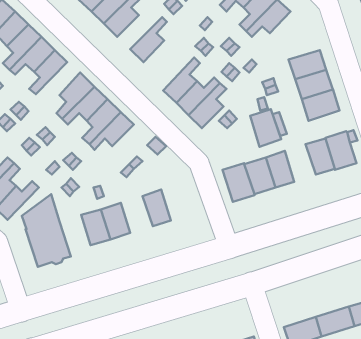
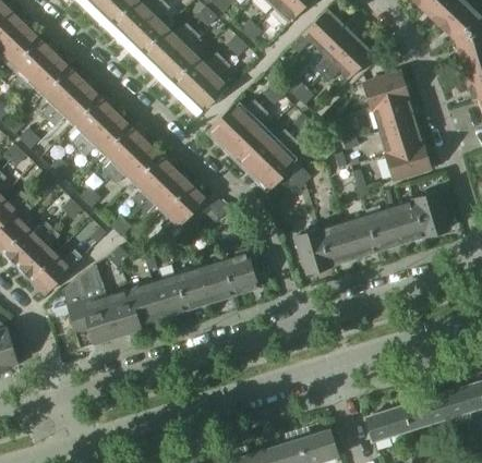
building: none -> [172,52,225,97]
building: none -> [363,73,408,109]
building: none -> [209,100,262,145]
building: none -> [79,112,129,156]
building: [250,109,281,147] -> [366,207,402,251]
building: none -> [162,184,206,236]
building: none -> [224,249,258,295]
building: none -> [177,267,214,309]
building: none -> [106,289,143,337]

